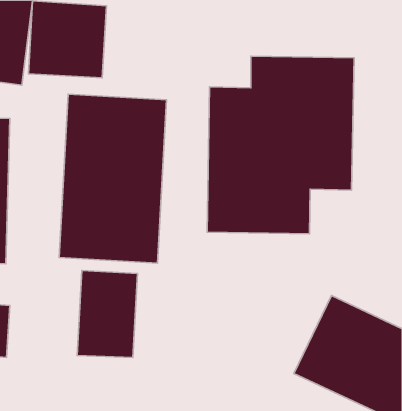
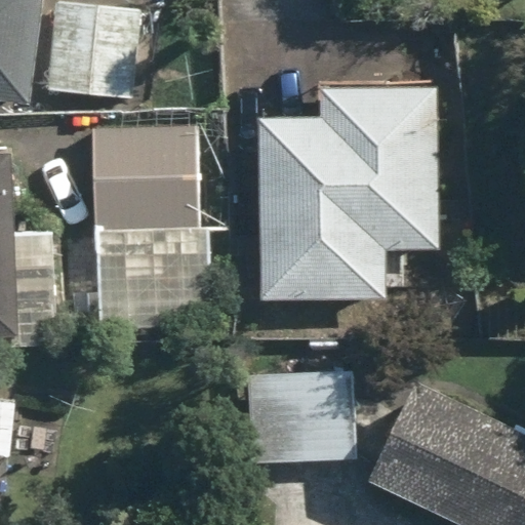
building: [77,271,137,358] -> none
building: none -> [229,372,357,466]

